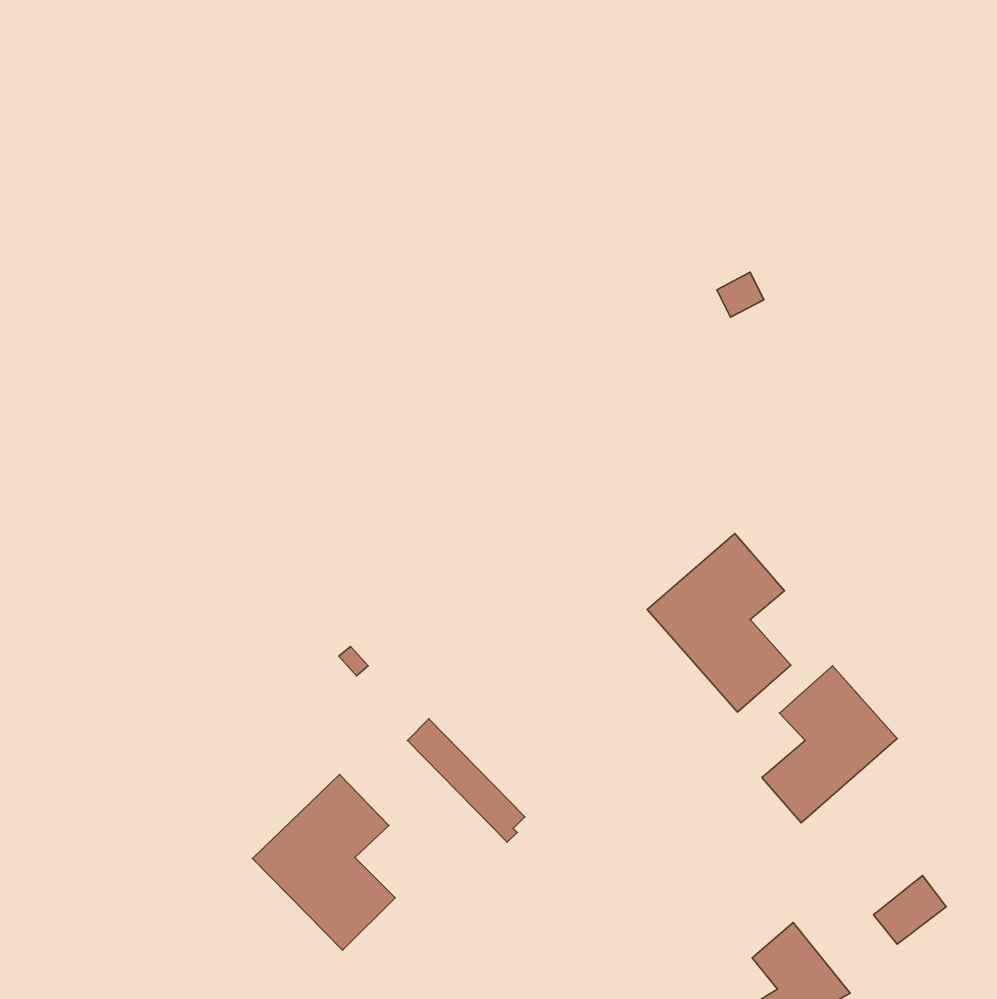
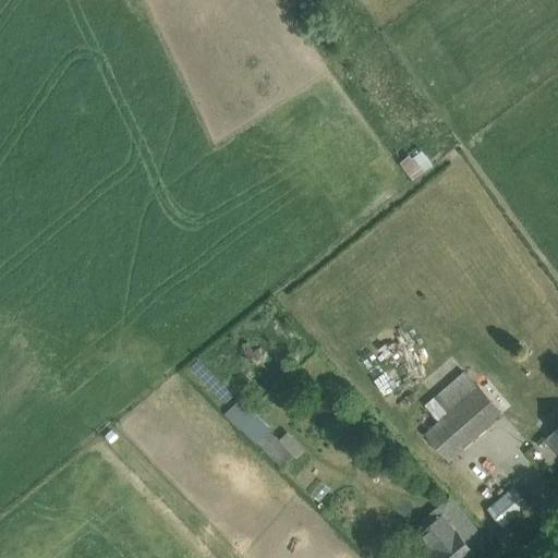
building: [647,534,791,712] -> none
building: [253,774,395,950] -> none

